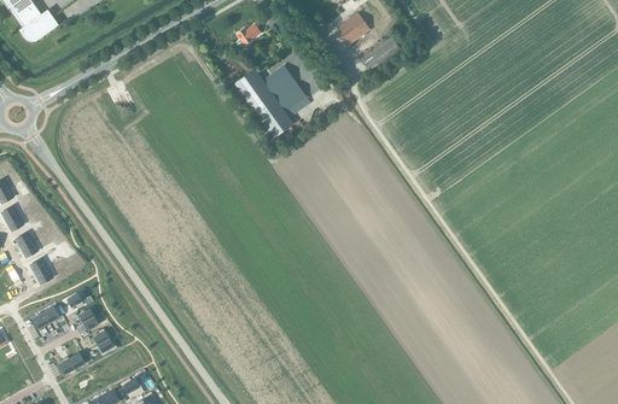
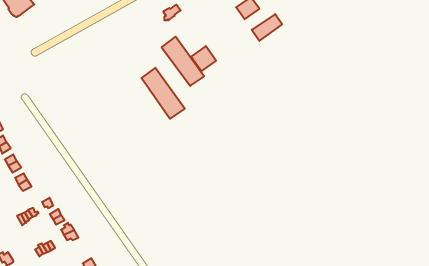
building: [262,64,295,95] -> none
building: none -> [141,68,185,119]

